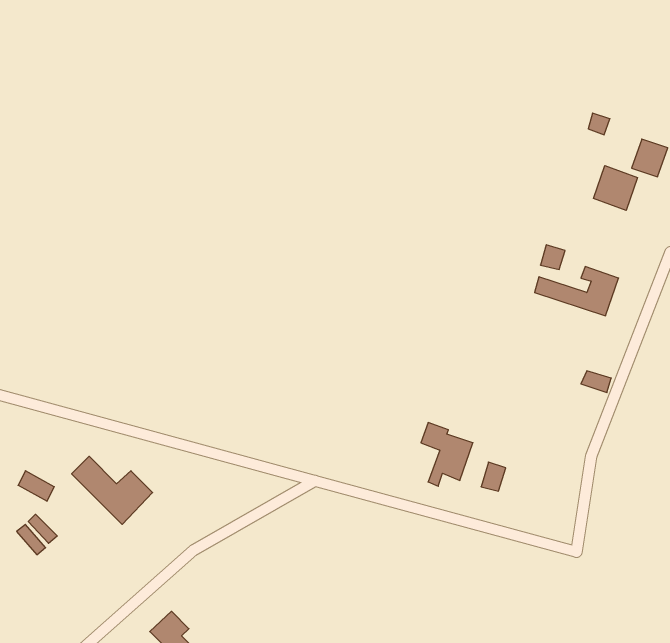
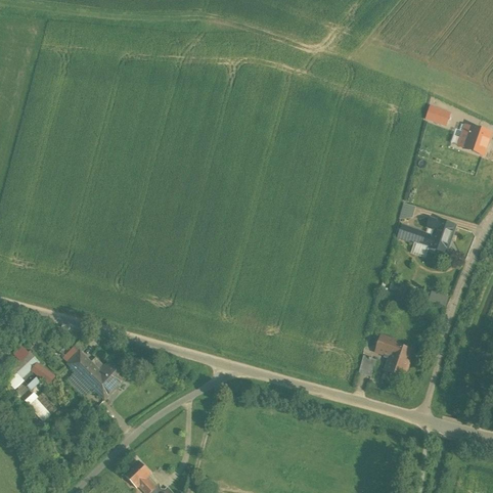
building: [593,166,638,210] -> none
building: [421,423,473,486] -> [374,335,411,380]

